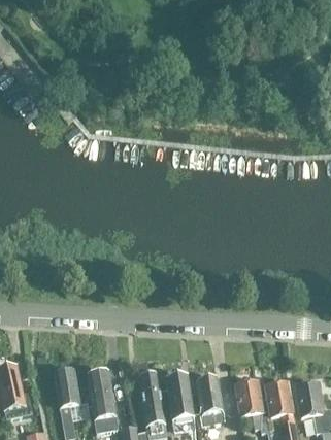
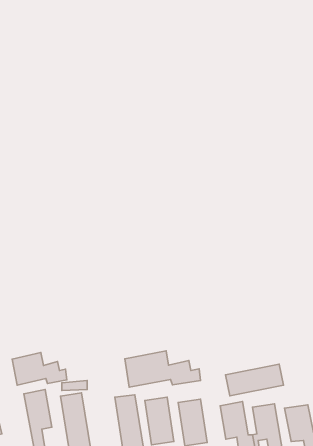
building: none -> [125,351,200,387]
building: none -> [12,352,67,385]
building: none -> [226,364,283,396]

